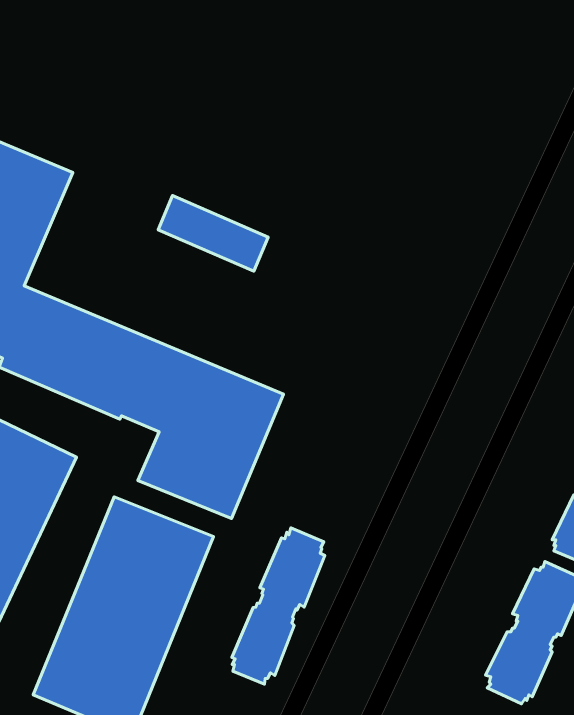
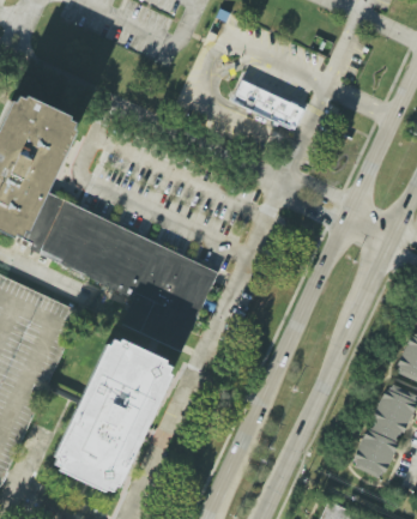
building: [158,196,268,271] -> [231,80,304,131]
building: [232,528,325,684] -> none

